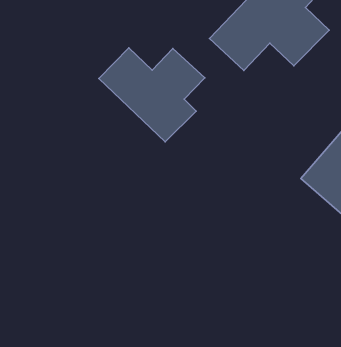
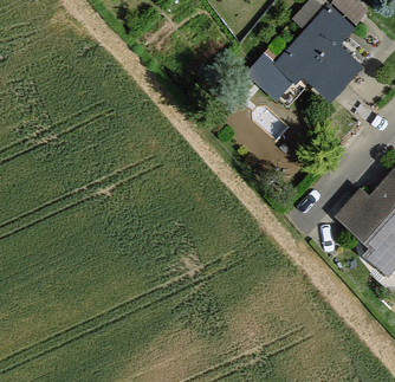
building: [99,48,205,142] -> none

